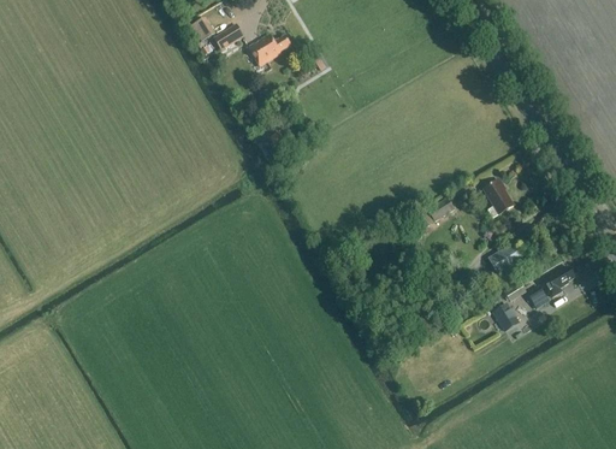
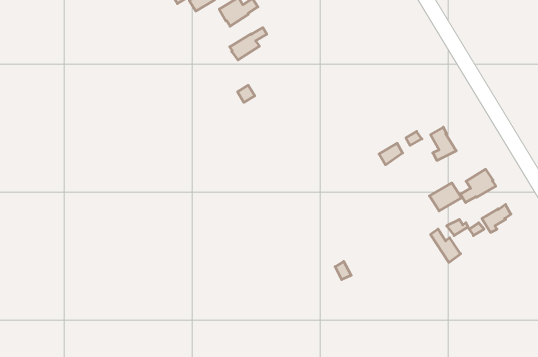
building: none -> [230,28,267,60]
building: none -> [460,169,496,203]

